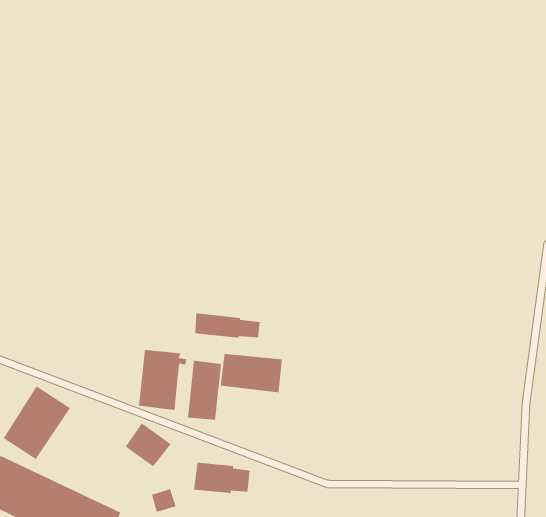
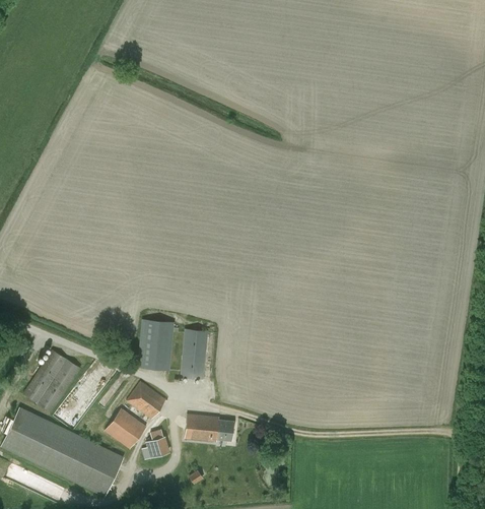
building: [195,313,260,338] -> none
building: [220,353,283,393] -> none
building: none -> [105,407,146,448]

